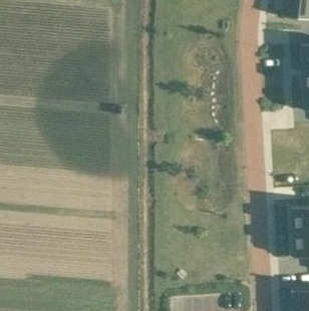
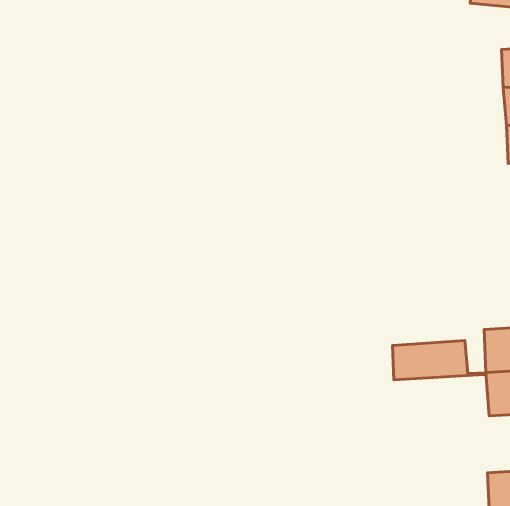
building: none -> [393,340,486,380]

